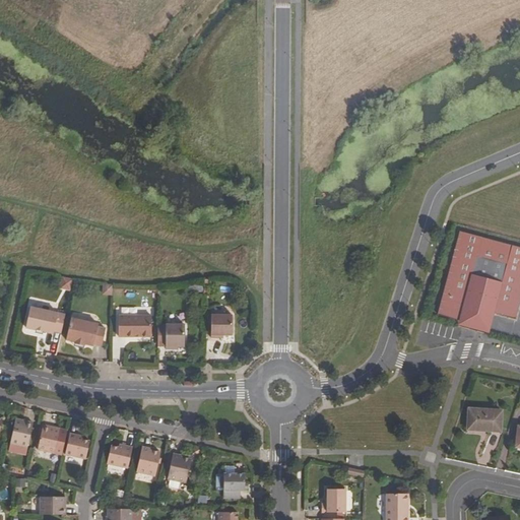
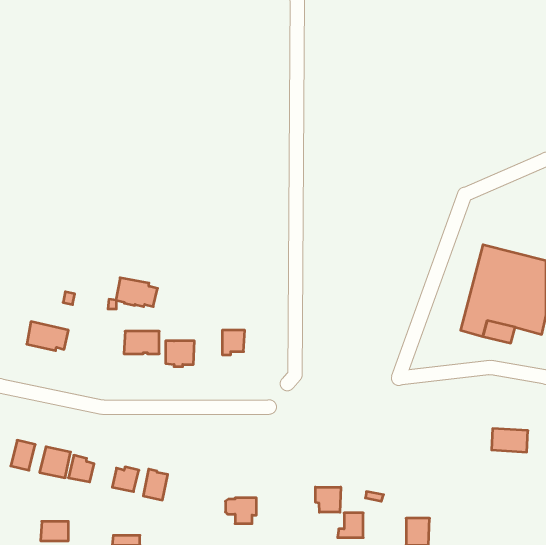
building: [66,318,106,345] -> [116,278,158,307]
building: [168,453,192,482] -> none
building: none -> [315,487,341,512]

